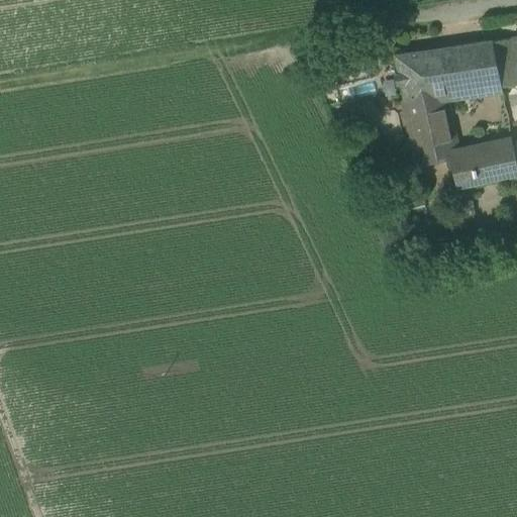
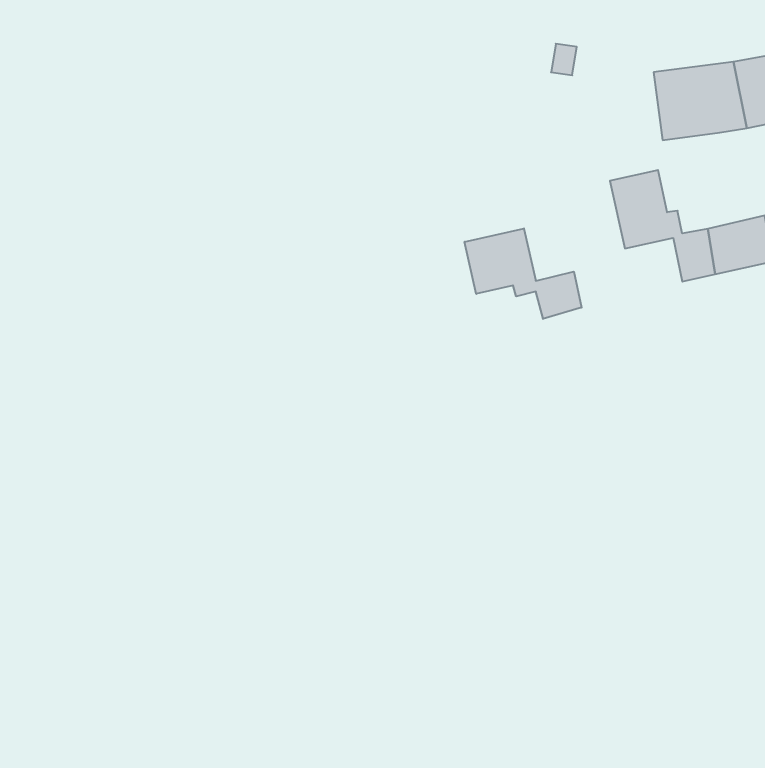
building: [398,48,447,121] -> none
building: none -> [465,228,582,319]

